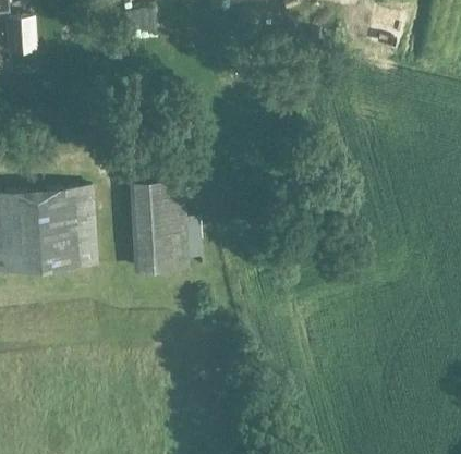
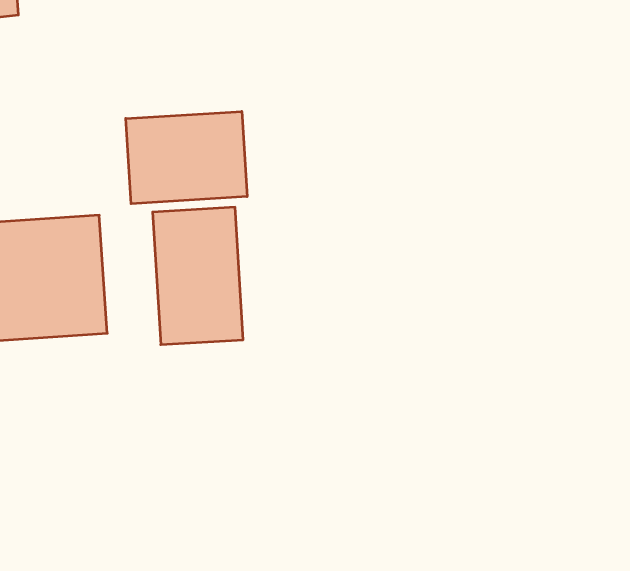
building: none -> [126,111,247,204]

